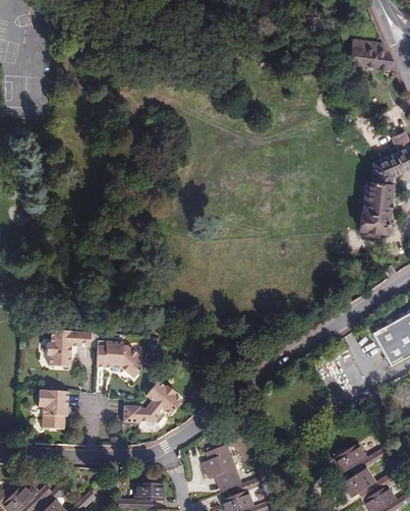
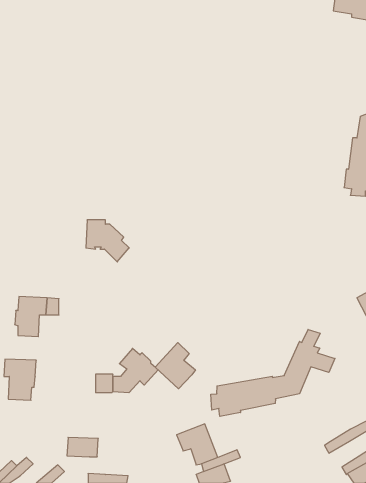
building: [98,342,138,382] -> [86,220,129,262]
building: none -> [211,329,335,416]
building: none -> [155,343,195,389]
building: [336,443,366,470] -> none
building: [342,468,374,497] -> none
building: [135,482,165,501] -> [67,437,98,457]

